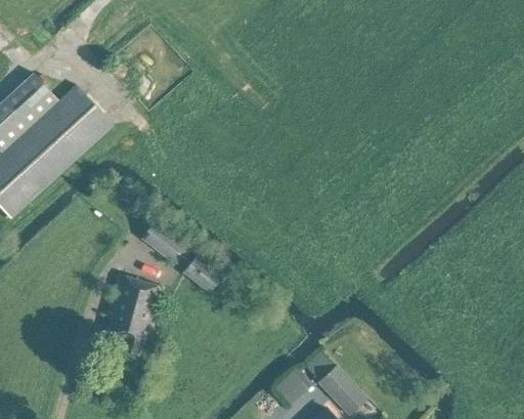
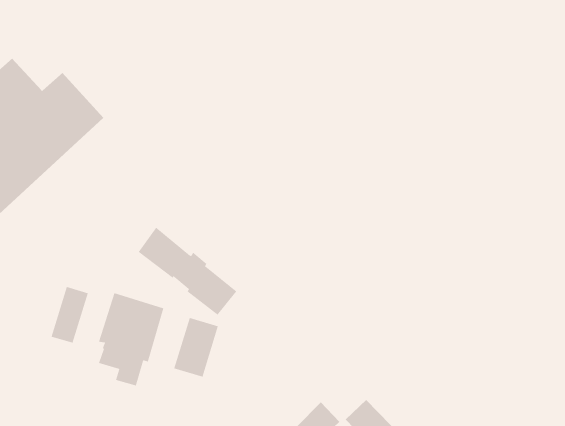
building: none -> [51,286,88,344]
building: none -> [174,317,219,377]

